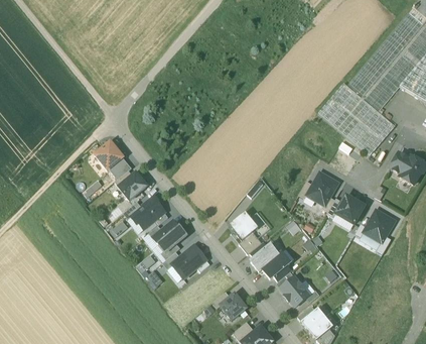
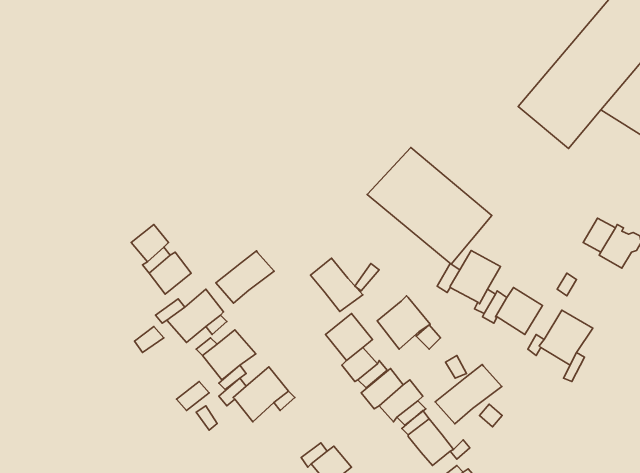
building: [318,81,396,153] -> [367,148,492,264]
building: [96,141,123,168] -> none
building: none -> [216,251,274,303]
building: none -> [310,258,363,312]
building: none -> [377,296,430,349]
building: none -> [435,364,502,424]

